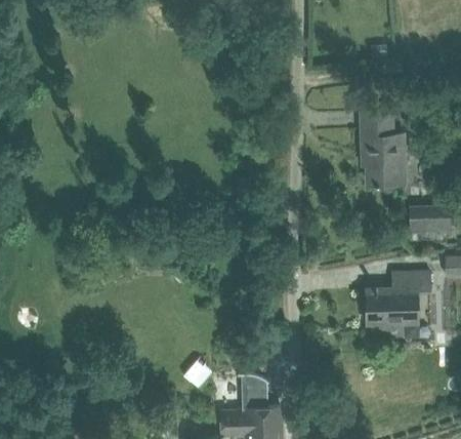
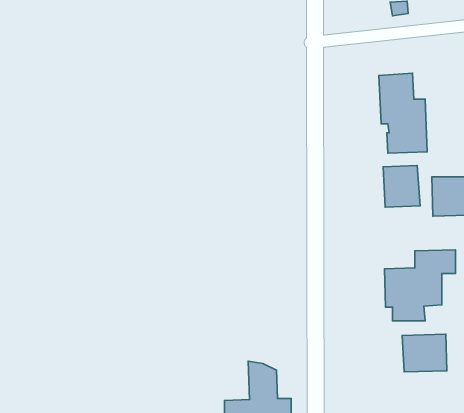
building: none -> [383,165,420,207]
building: none -> [402,334,447,372]

